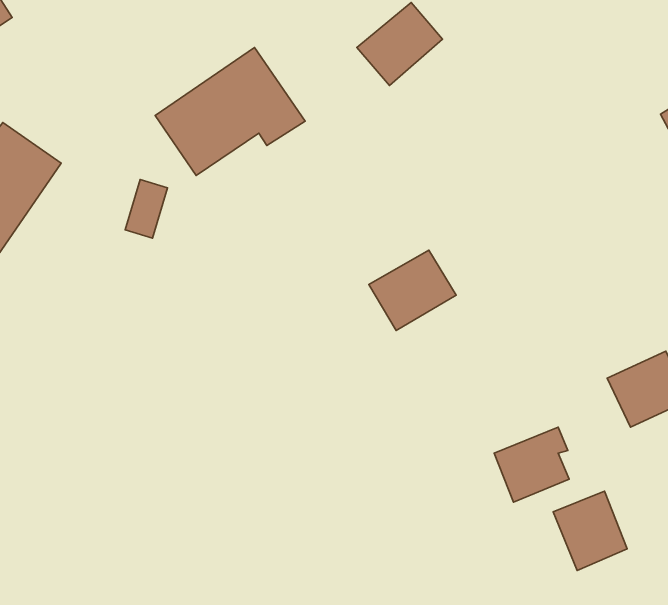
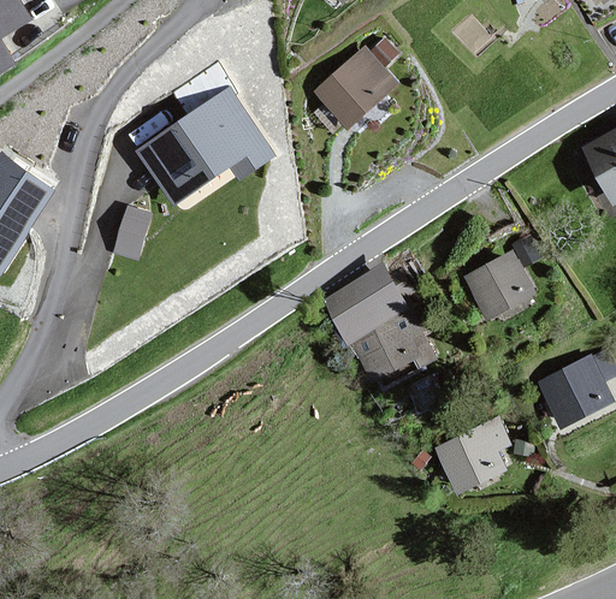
building: none -> [467,255,531,314]
building: none -> [354,315,420,376]
building: [553,491,627,570] -> none

